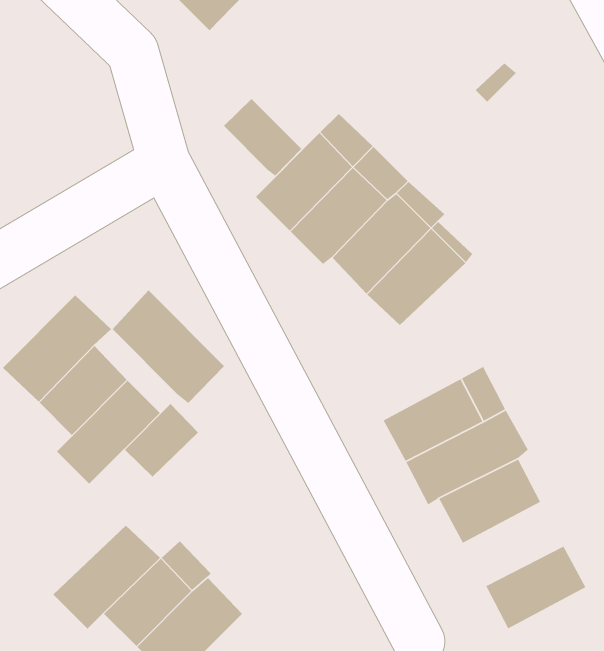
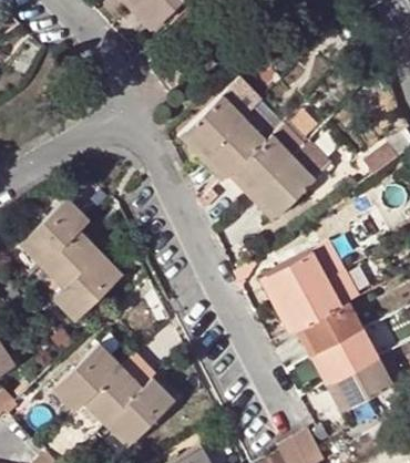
building: [223,98,302,176] -> none
building: [112,290,225,404] -> none
building: [124,403,199,478] -> none
building: none -> [314,330,378,383]

